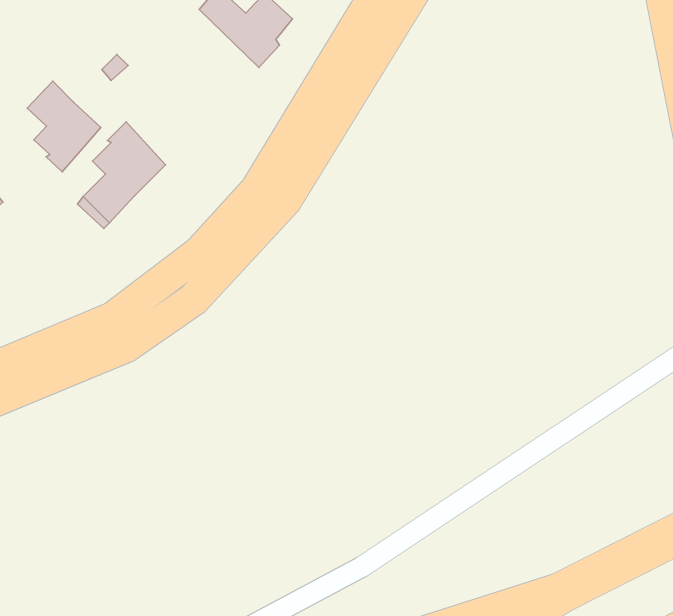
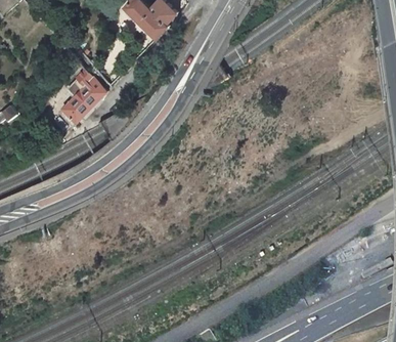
building: [27,81,101,172] -> none

